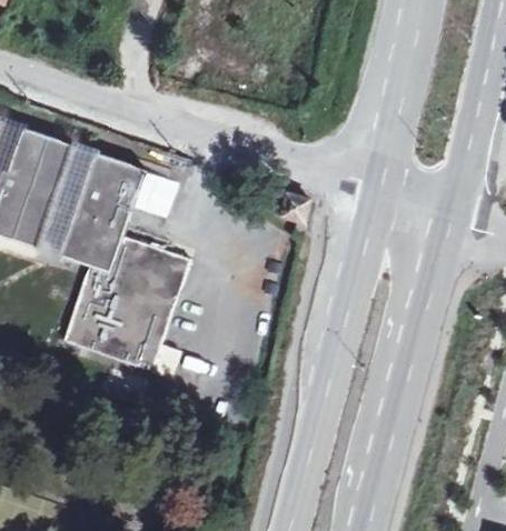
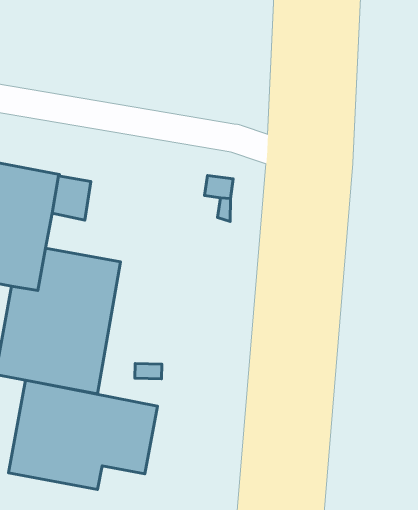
building: none -> [9,380,157,489]

